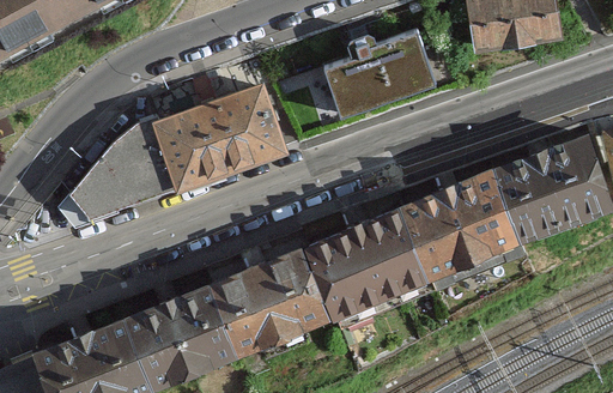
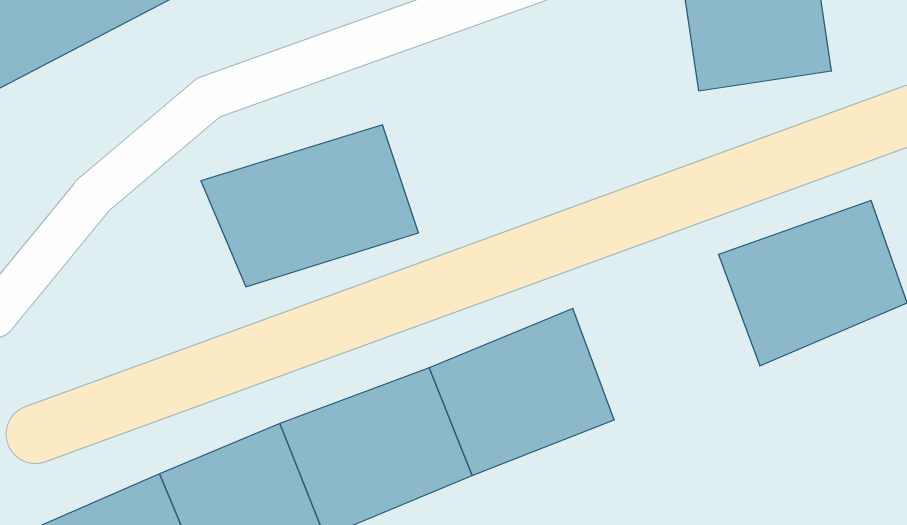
building: [286,31,444,144] -> none
building: [68,122,170,226] -> none
building: [388,171,512,282] -> none

